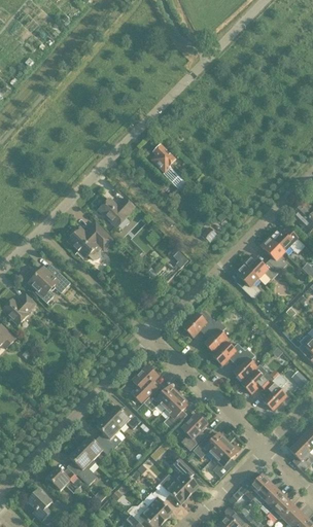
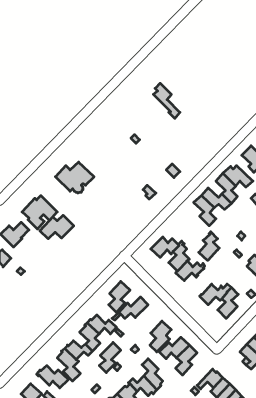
building: [152,146,184,188] -> [153,83,180,118]
building: [99,198,135,227] -> none
building: none -> [40,215,74,239]
building: [233,348,257,382] -> [199,232,219,260]
building: [163,394,188,430] -> [99,342,121,373]

